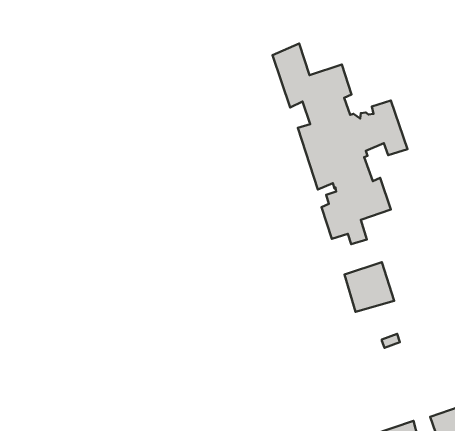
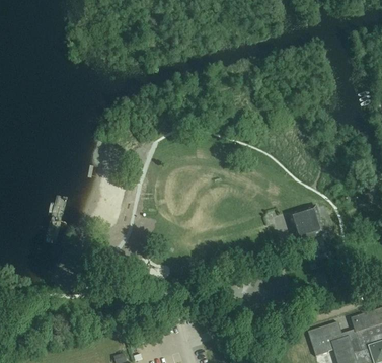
building: [273,43,407,244] -> none

